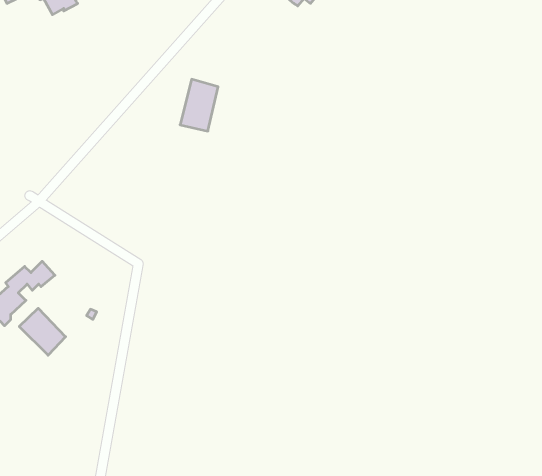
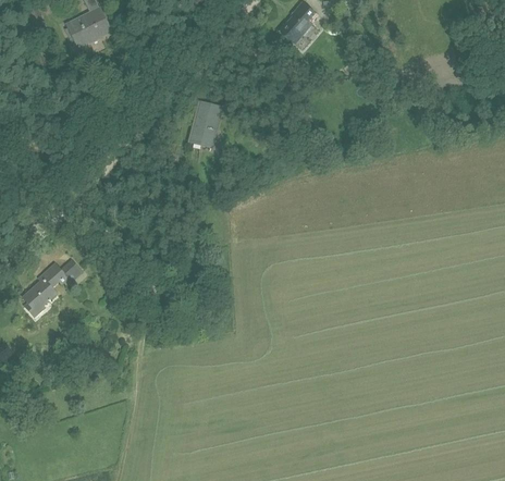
building: [19,308,66,355] -> none

